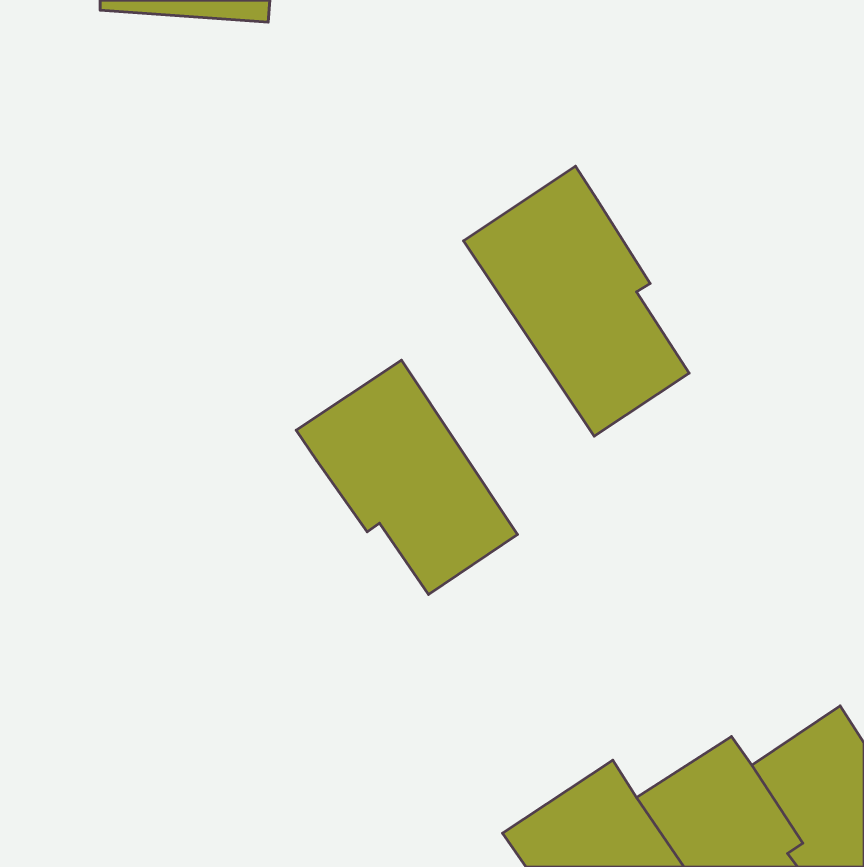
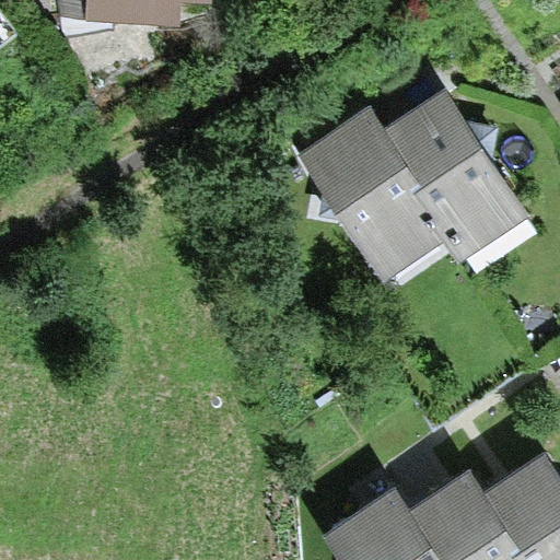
building: none -> [385,90,528,264]
building: [296,360,517,594] -> none

